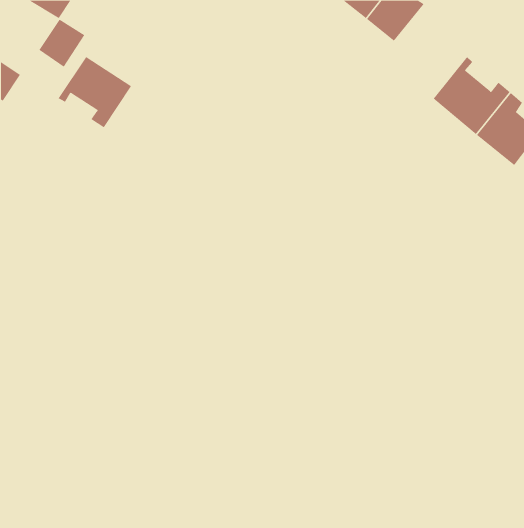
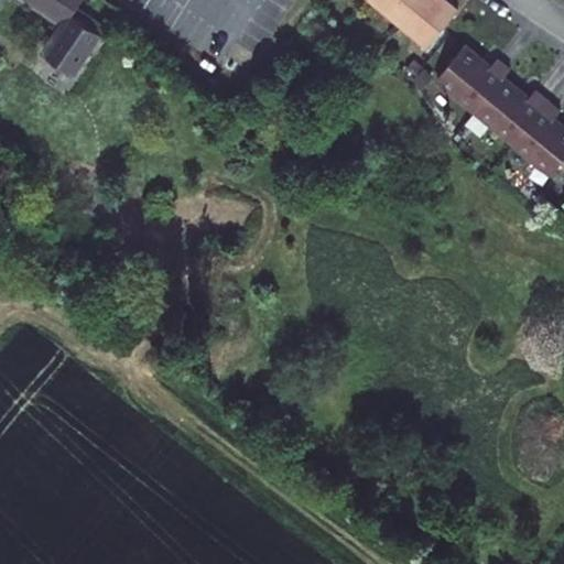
building: none -> [431,44,502,107]
building: [58,56,132,128] -> none

